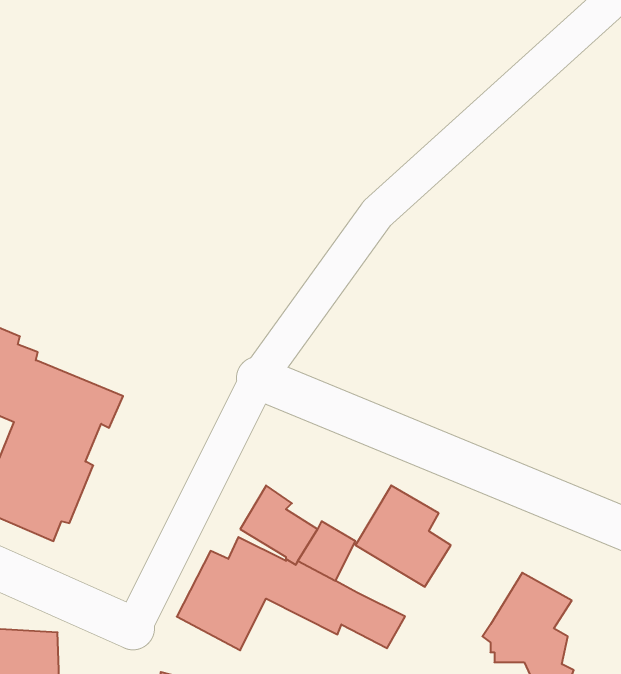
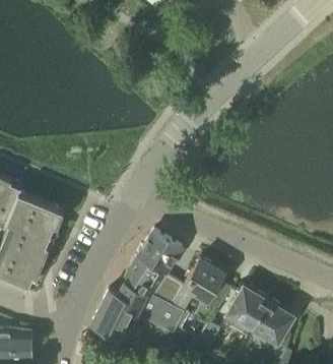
building: none -> [137,231,183,280]
building: none -> [223,287,268,335]

